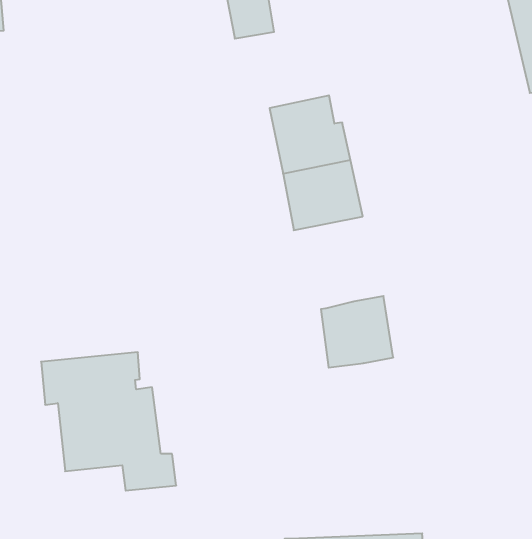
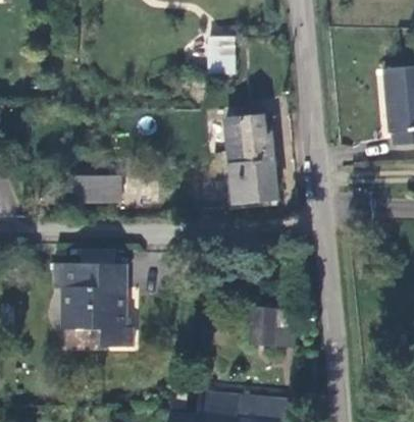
building: none -> [69,173,122,203]
building: [321,296,393,368] -> [250,305,292,346]

